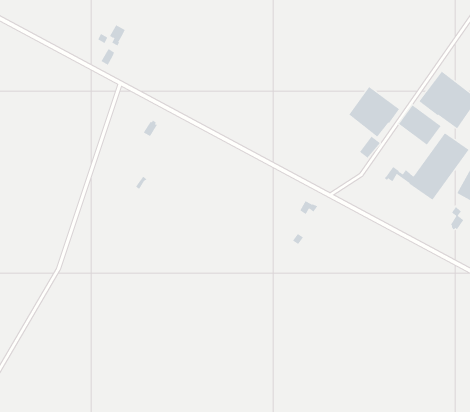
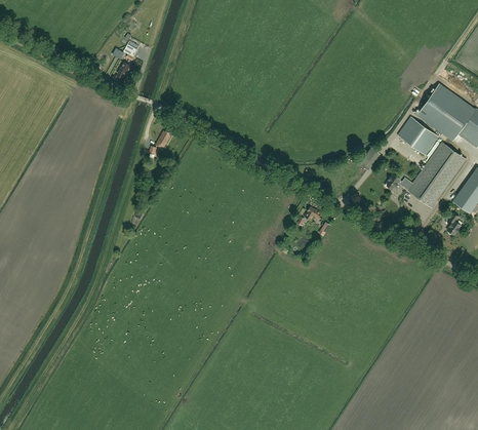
building: [348,86,400,138] -> none

